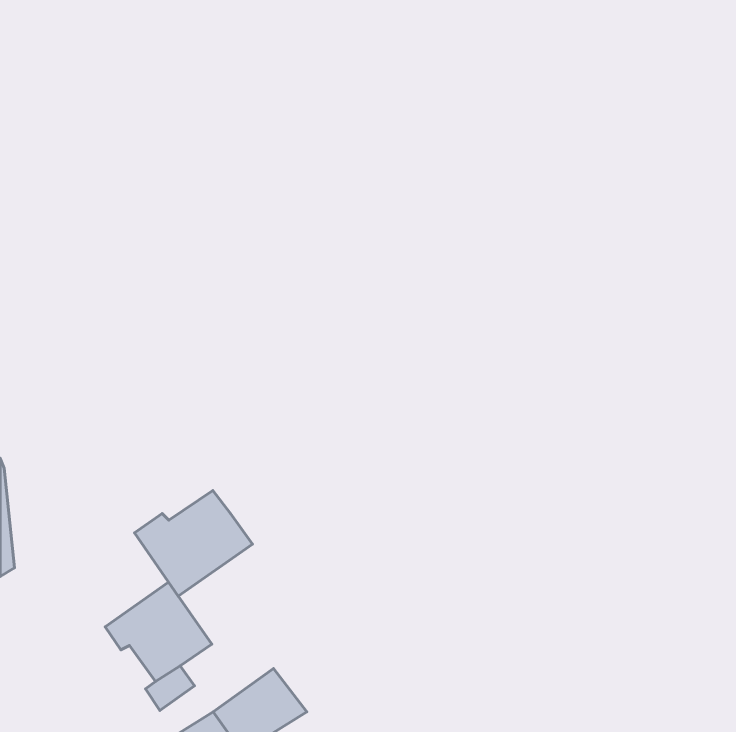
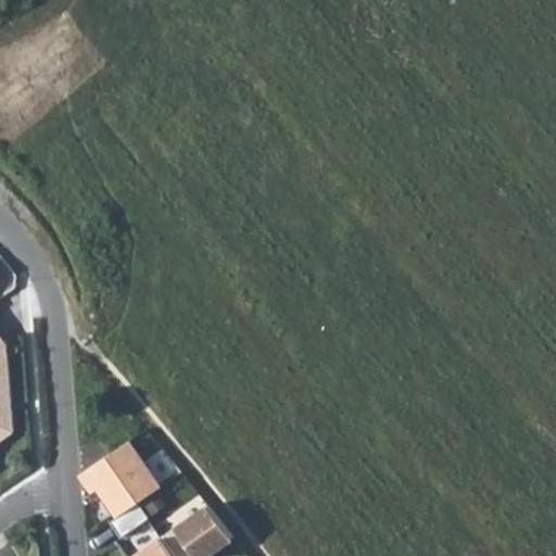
building: [135,490,253,596] -> none

